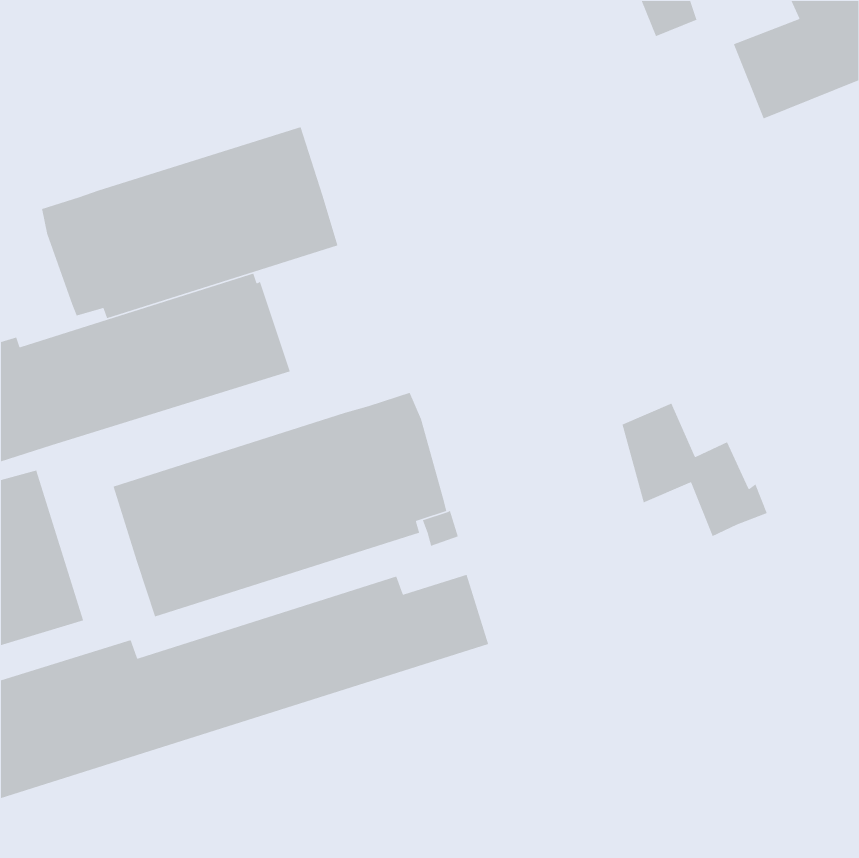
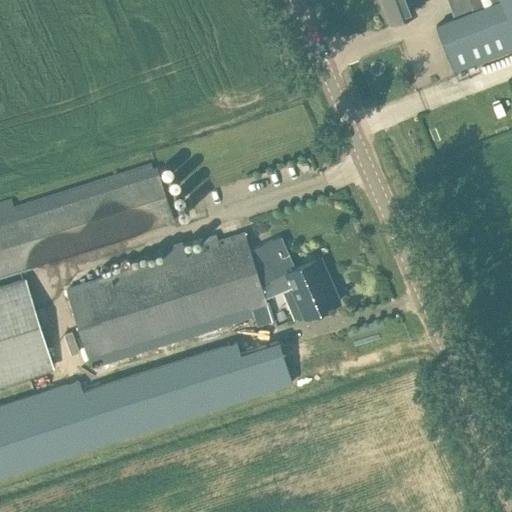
building: [41,126,339,319] -> none
building: [621,402,768,537] -> [251,237,338,317]

